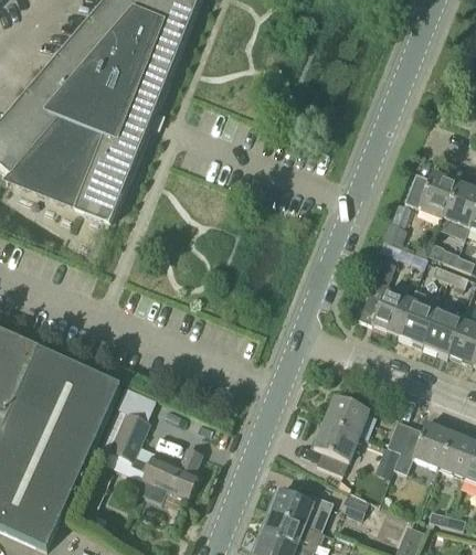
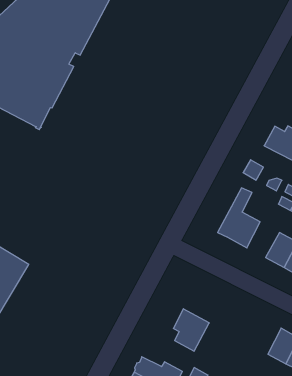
building: [396,289,436,344] -> none
building: [104,386,201,501] -> none
building: [324,396,369,436] -> none
building: [387,420,452,472] -> none

